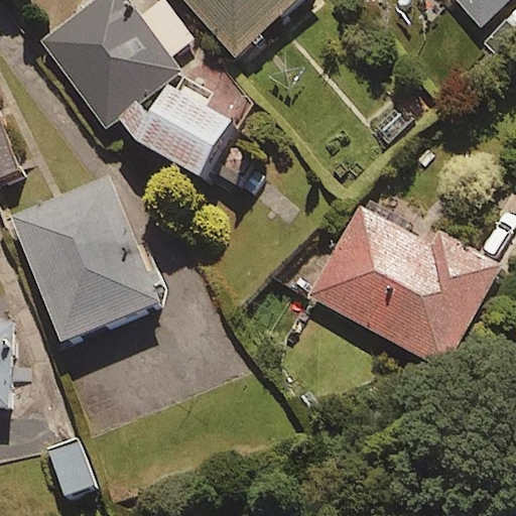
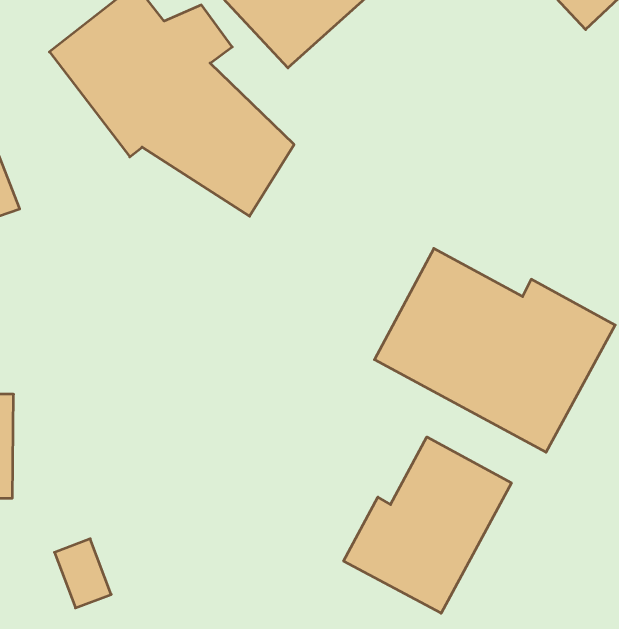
building: [10,175,160,341] -> none
building: none -> [344,437,511,613]

